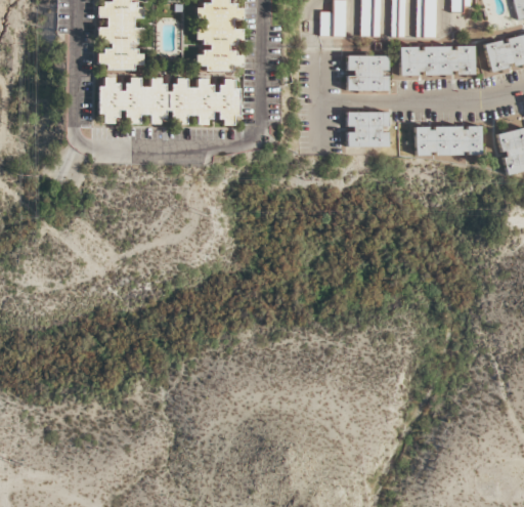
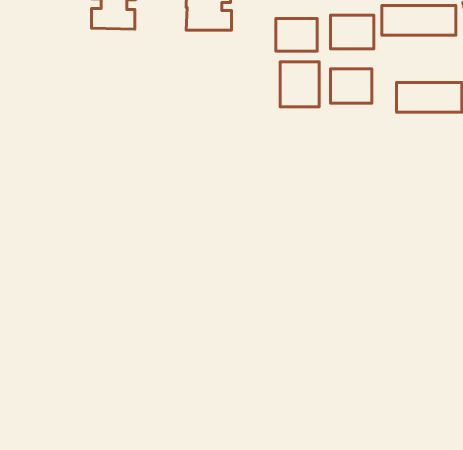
building: none -> [276,18,317,51]
building: [99,78,238,125] -> none
building: none -> [280,62,319,107]

